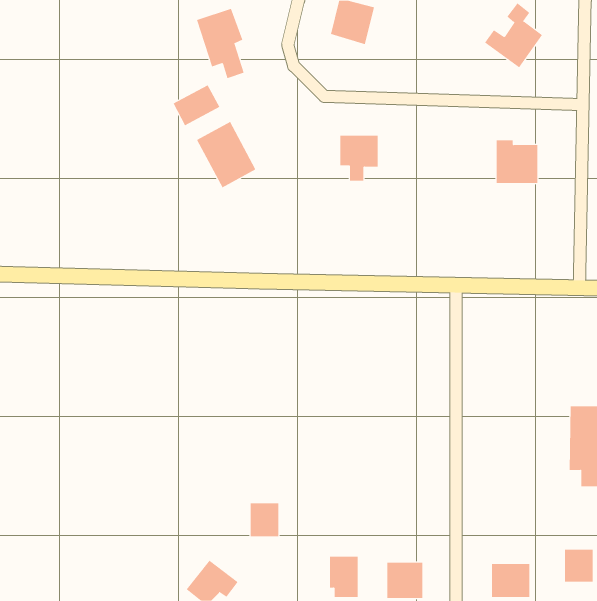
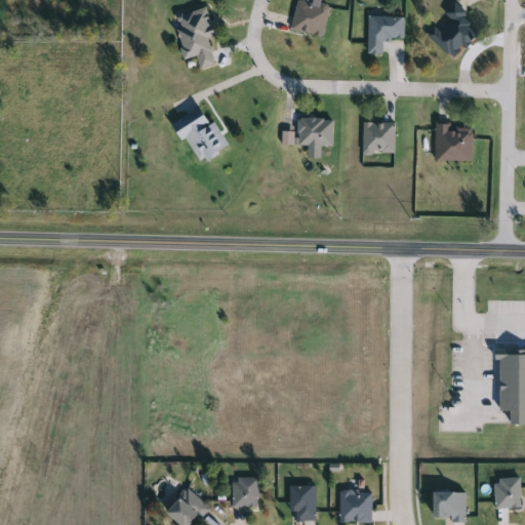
building: none -> [369,16,404,53]
building: [173,84,220,126] -> none
building: none -> [364,122,395,154]
building: [250,503,279,537] -> [233,477,258,507]

